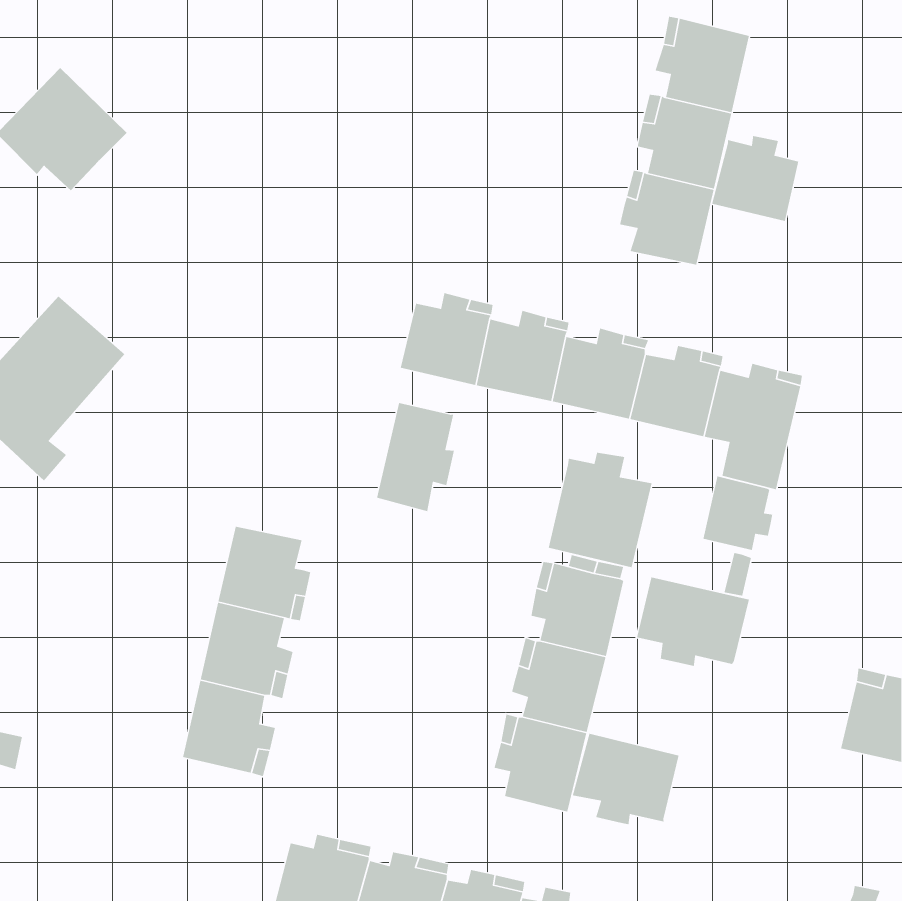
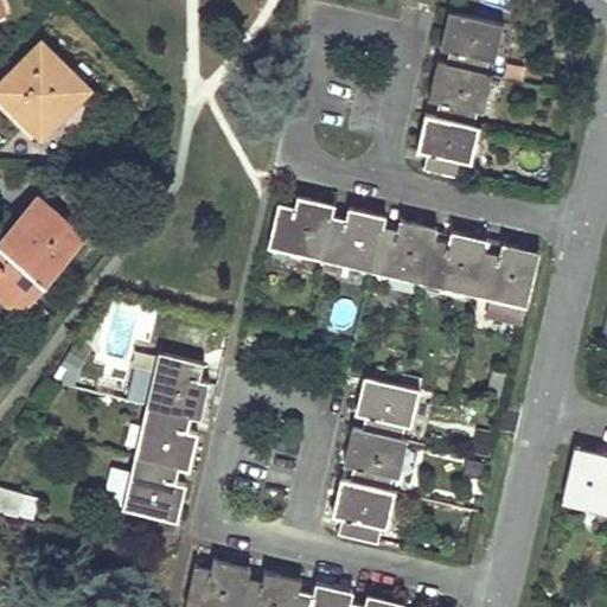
building: [711,135,799,222] -> none
building: [376,402,455,512] -> none
building: [548,452,652,568] -> none
building: [703,476,773,551] -> none
building: [636,576,750,667] -> none
building: [572,733,680,825] -> none

